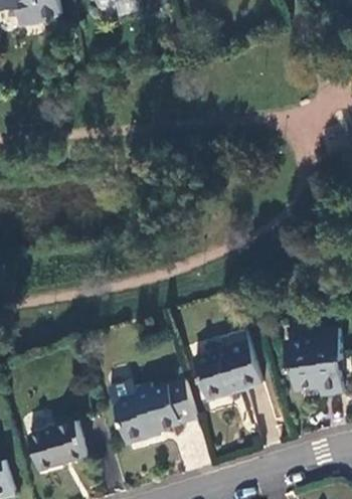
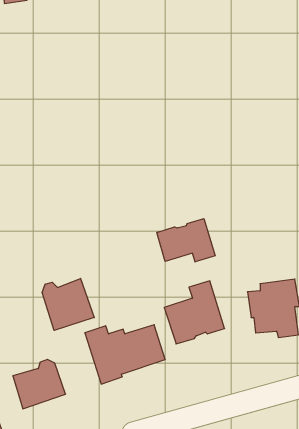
building: none -> [157,219,215,262]
building: none -> [42,278,94,330]

